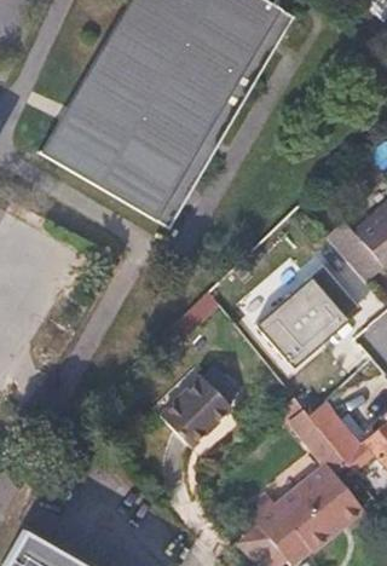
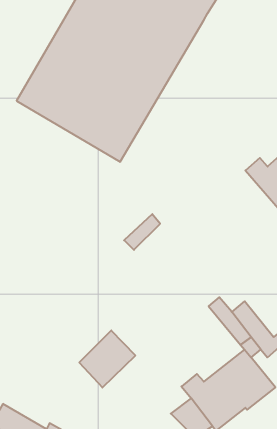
building: [253,270,359,371] -> none
building: [161,376,231,447] -> [79,330,135,388]

